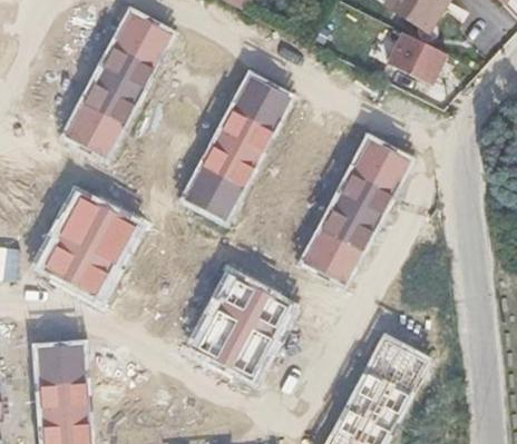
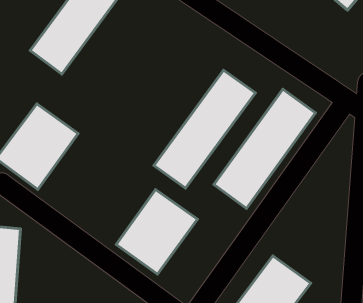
building: [388,32,446,83] -> none
building: [185,75,292,219] -> [154,70,255,188]

